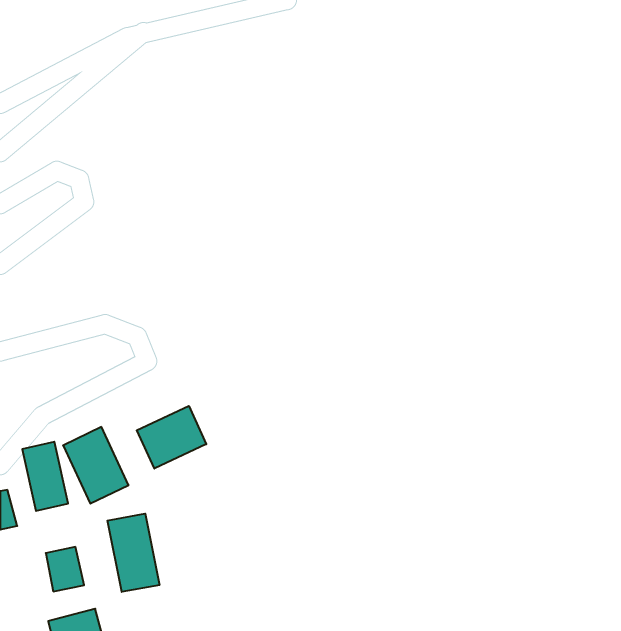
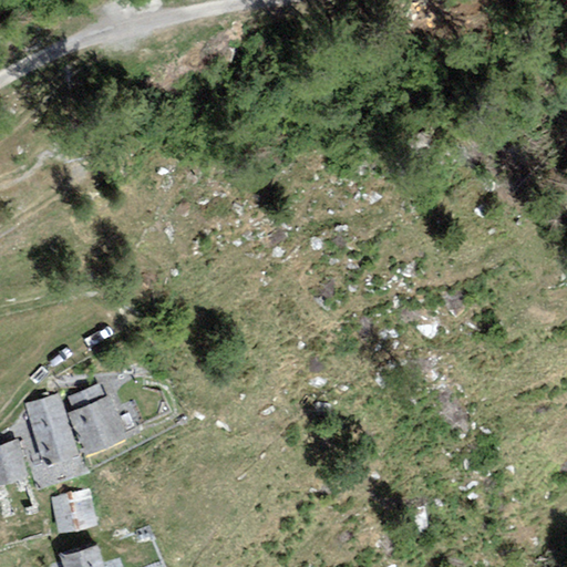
building: [137,406,206,469] -> none
building: [107,514,159,592] -> none

